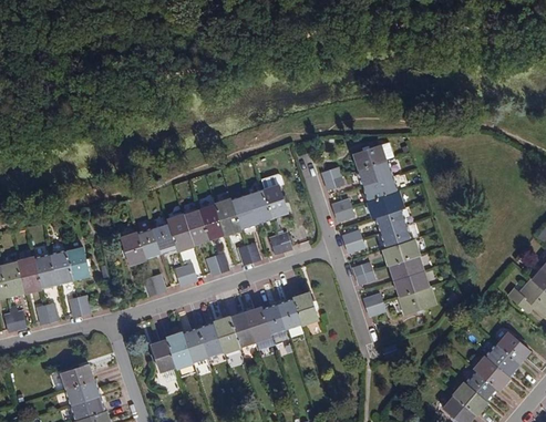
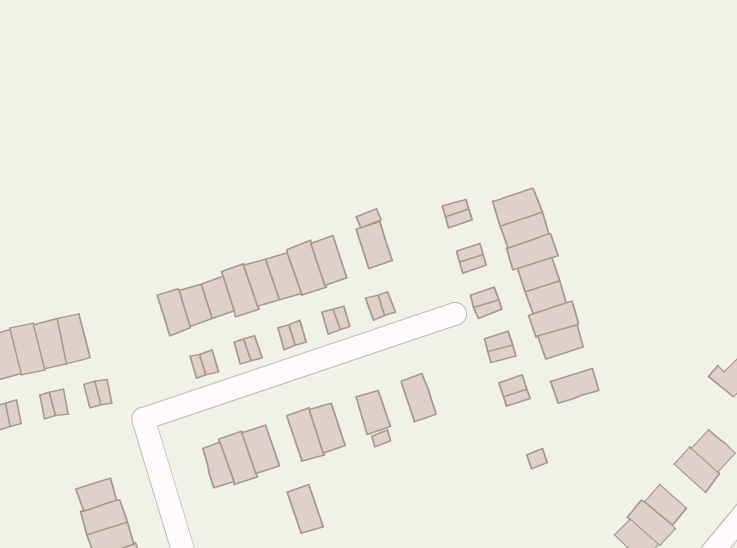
building: [353,143,385,169] -> none
building: [245,188,270,224] -> none
building: [65,246,90,279] -> none
building: [395,272,427,297] -> none
building: [277,298,302,329] -> none
building: [244,306,270,342] -> none
building: [197,322,223,357] -> [287,484,323,533]
building: [473,354,509,389] -> none

